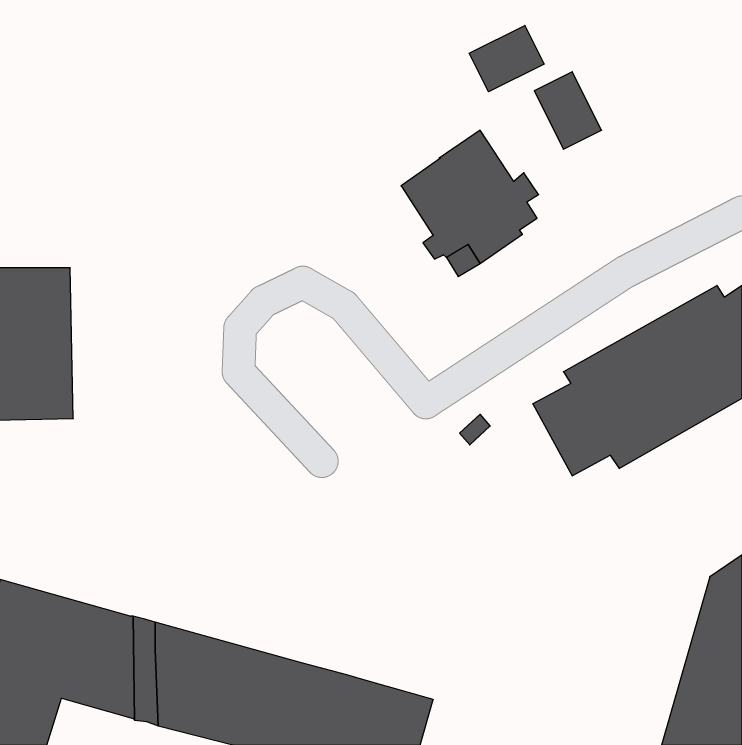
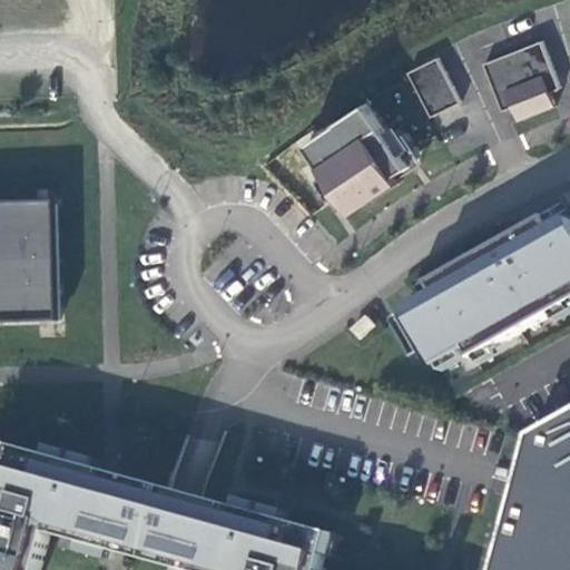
building: [469,25,544,92] -> none
building: none -> [481,38,558,117]

